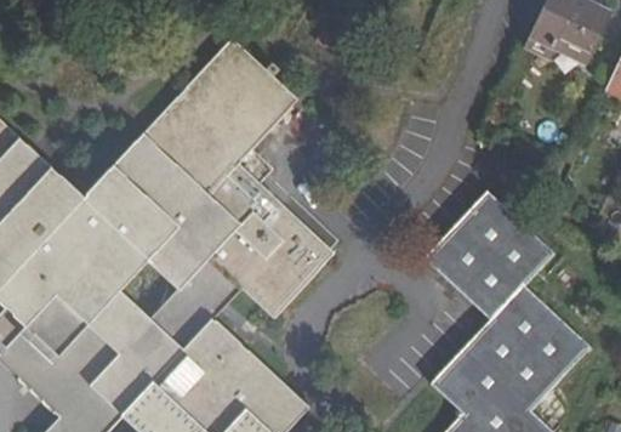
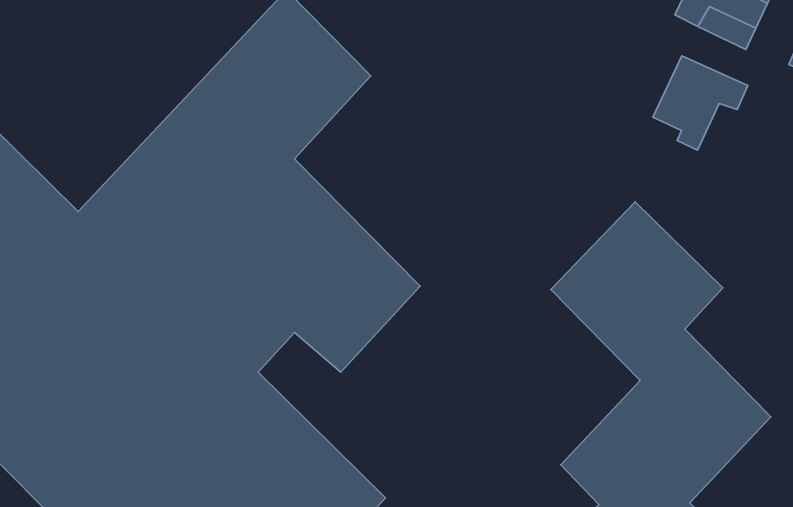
building: none -> [653,56,748,150]

